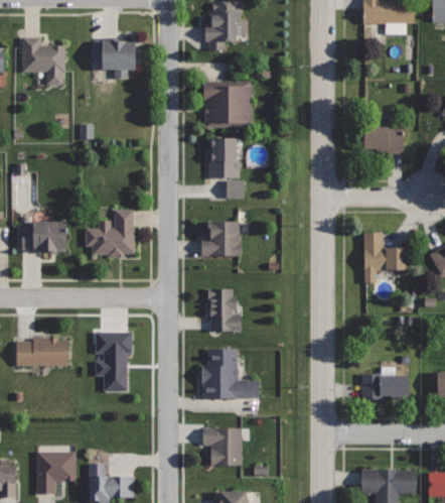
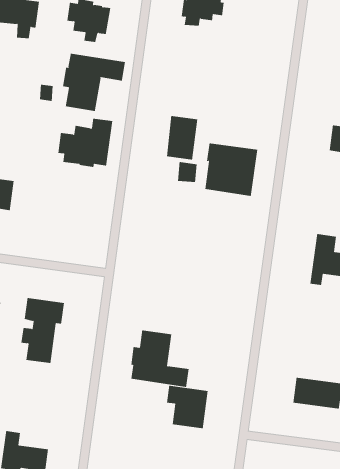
building: [203,82,252,128] -> [205,143,258,197]
building: none -> [62,53,126,112]
building: [85,210,134,257] -> [57,118,113,167]
building: [201,223,239,256] -> none
building: [206,288,241,332] -> none
building: [202,428,242,466] -> [166,385,209,429]

